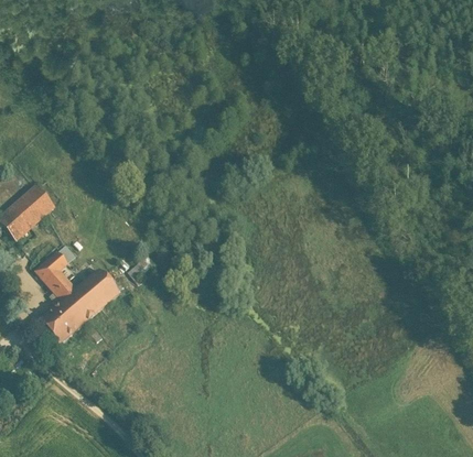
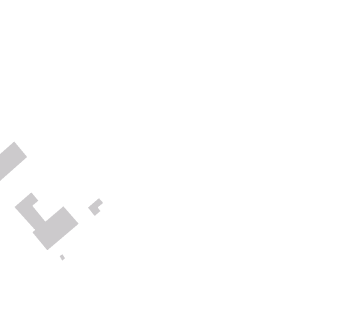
building: [40,303,78,342] -> none

